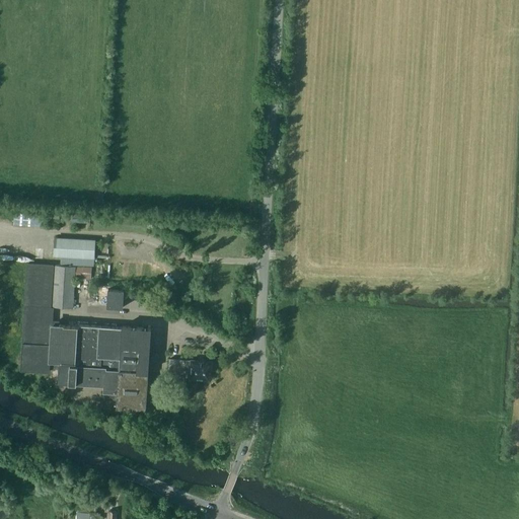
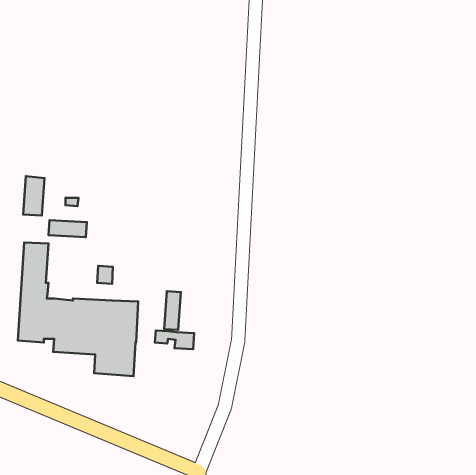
building: [52,267,75,309] -> [23,176,45,216]
building: none -> [164,291,181,330]

